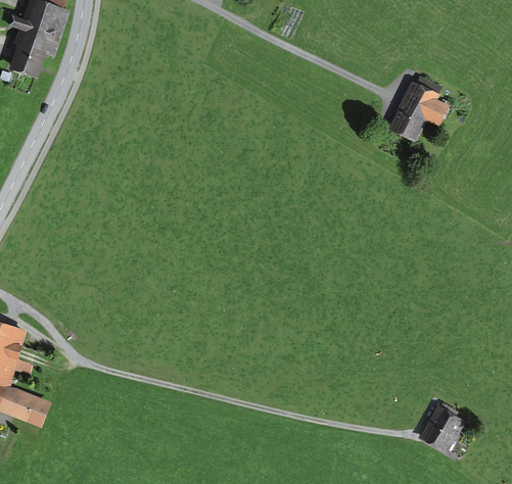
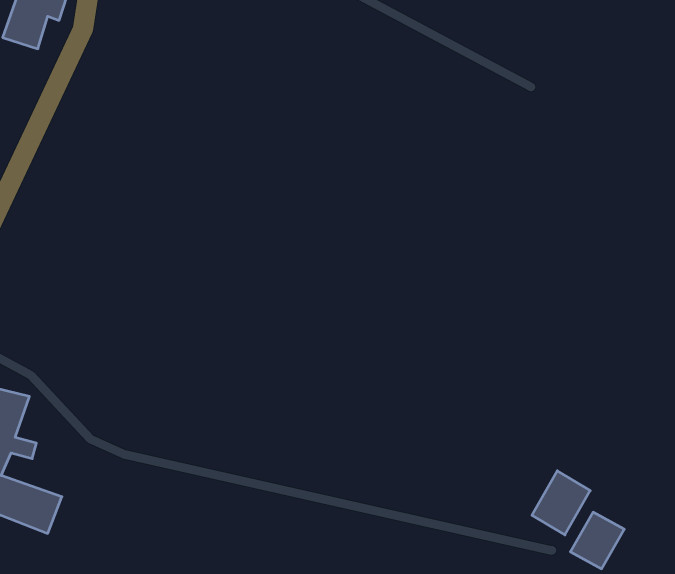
building: [390,84,447,140] -> none
building: none -> [532,471,590,535]

